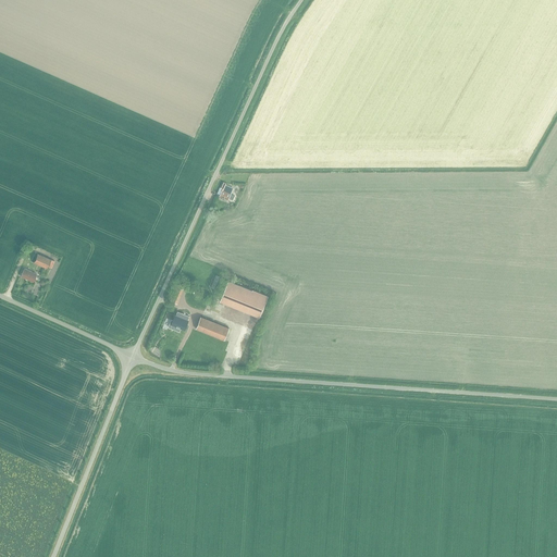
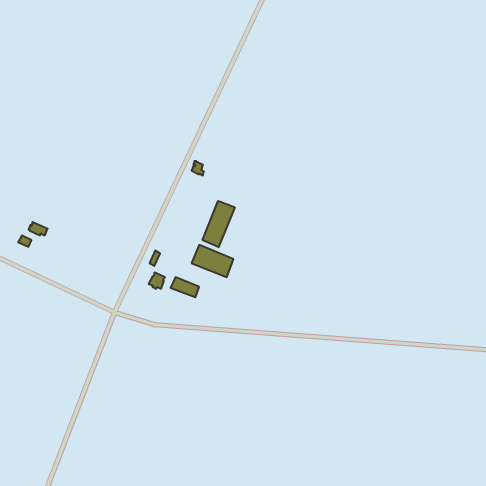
building: none -> [203,201,235,247]

